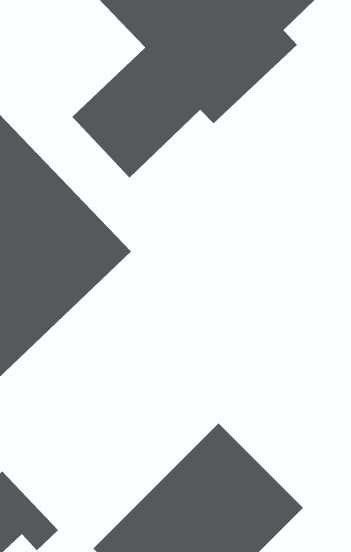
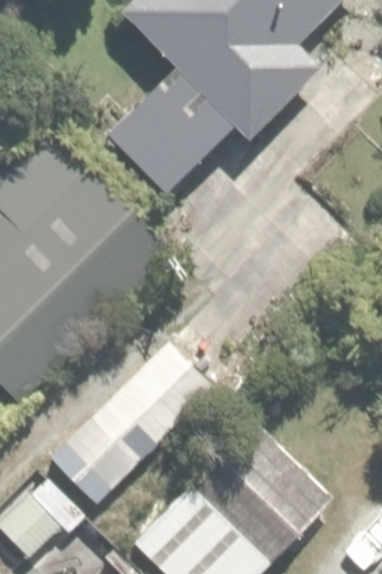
building: none -> [49,343,221,512]

